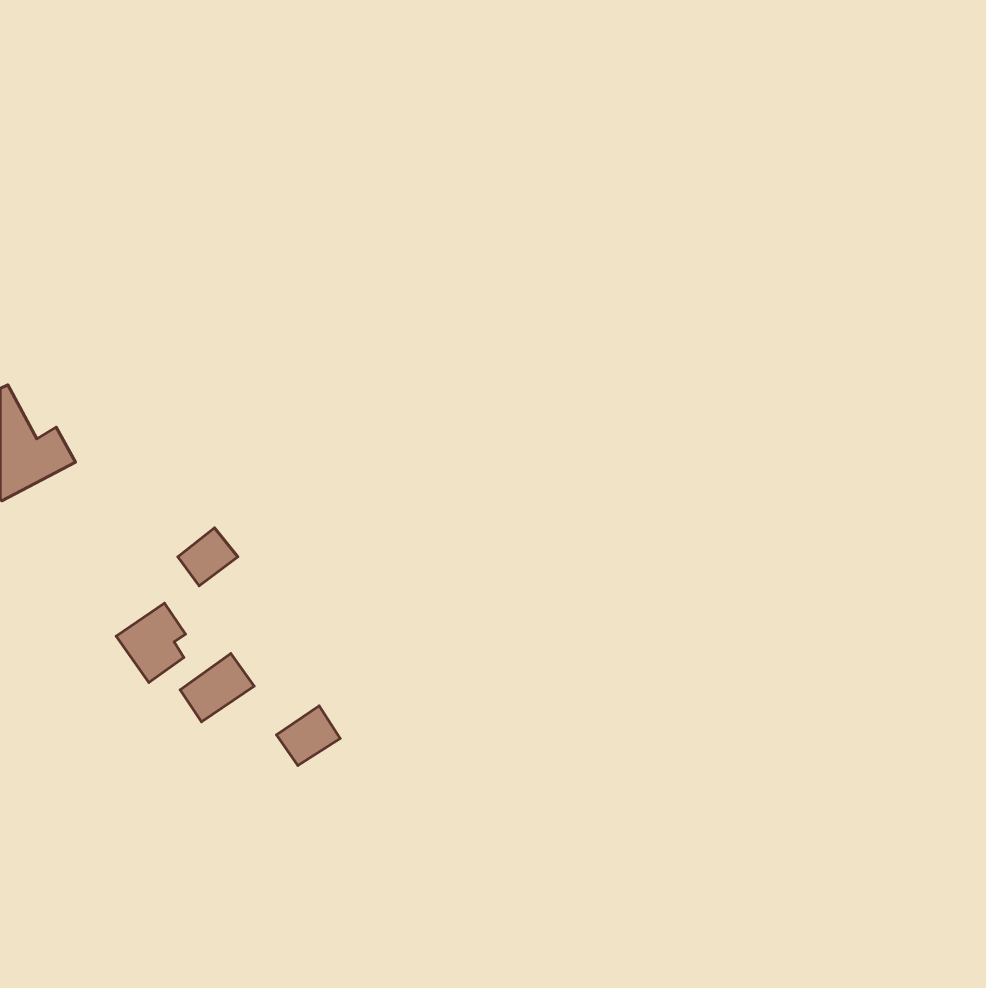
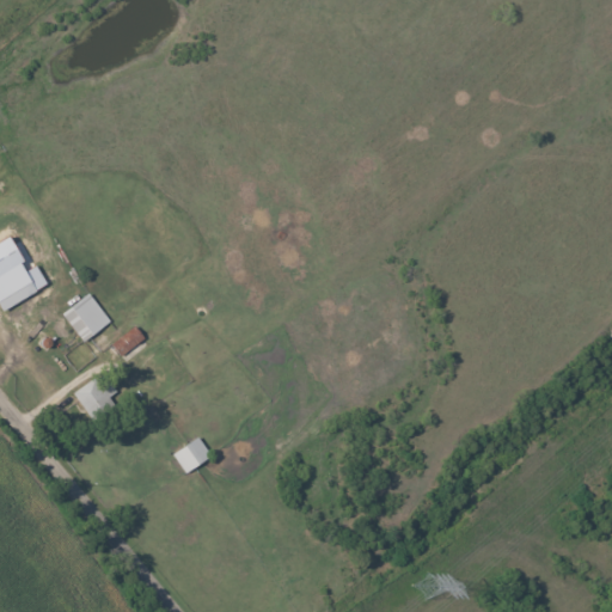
building: none -> [62,293,110,342]
building: [180,654,254,722] -> none

